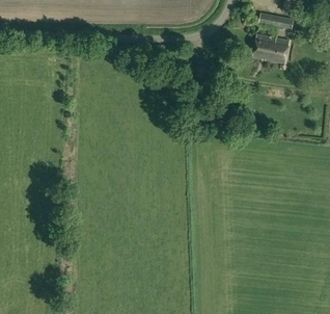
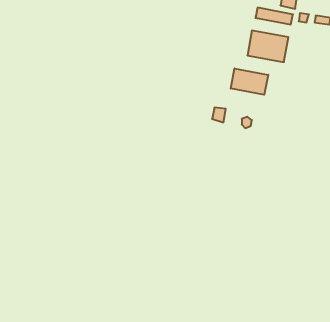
building: none -> [231,68,268,95]

